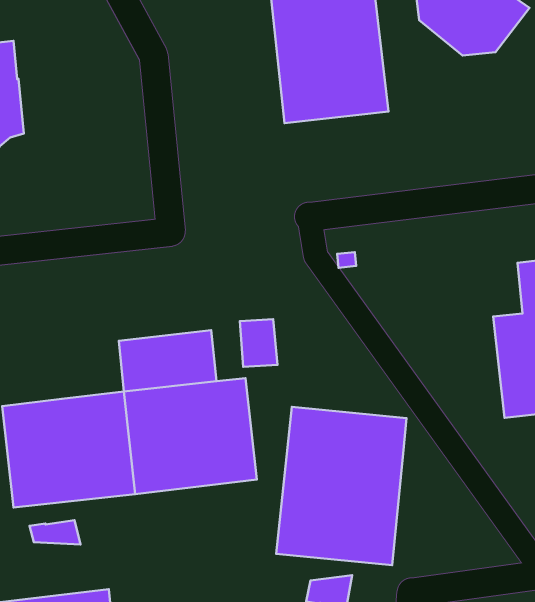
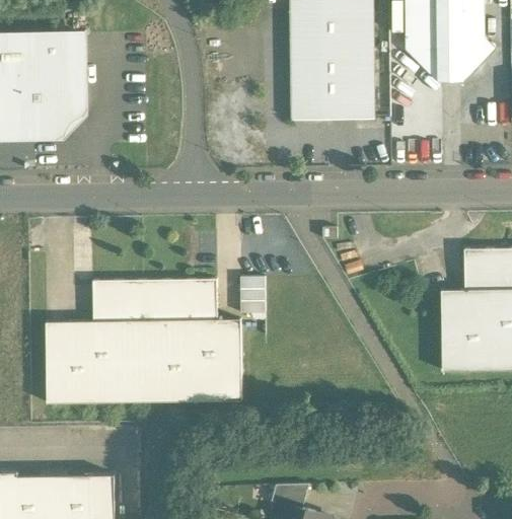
building: none -> [92,279,143,320]
building: [276,407,406,565] -> none
building: [29,520,80,544] -> none

